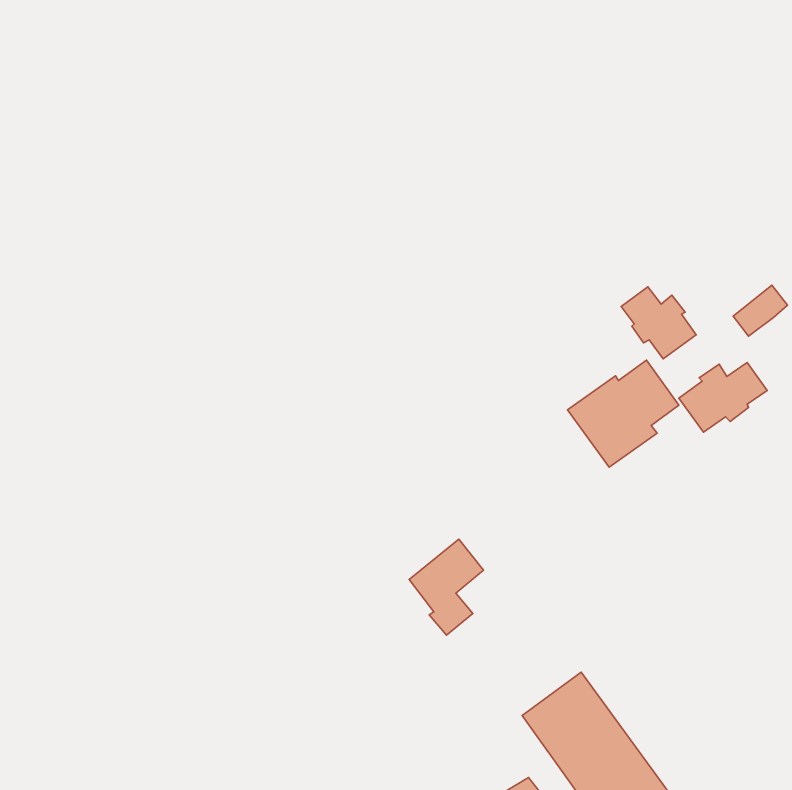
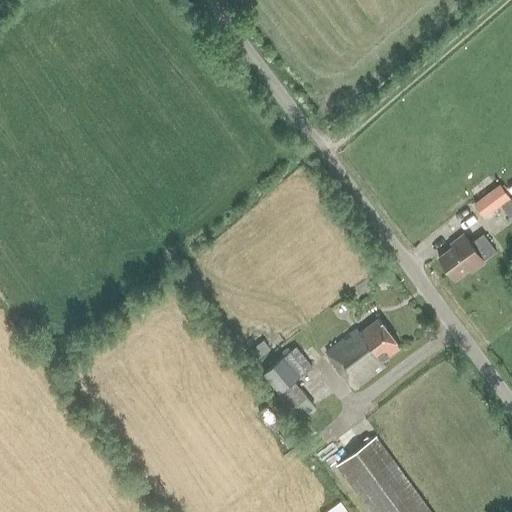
building: [621,287,696,359] -> none
building: [567,360,679,467] -> [327,320,399,389]

